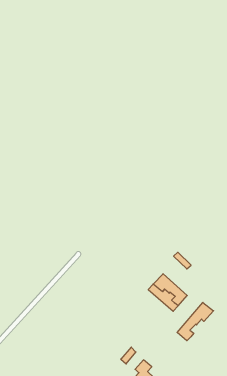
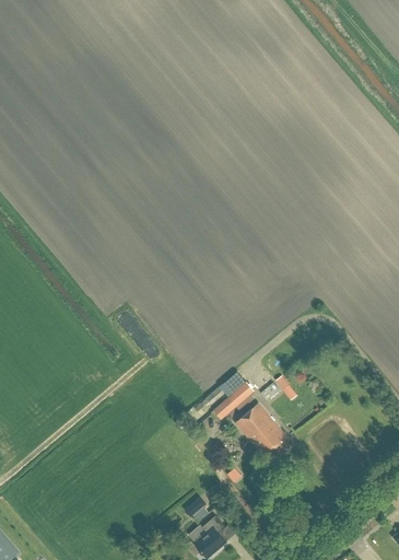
building: none -> [213,383,254,420]
building: [177,302,214,341] -> none

